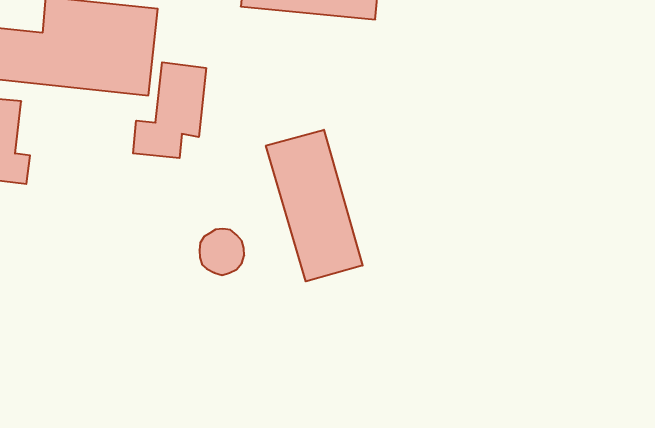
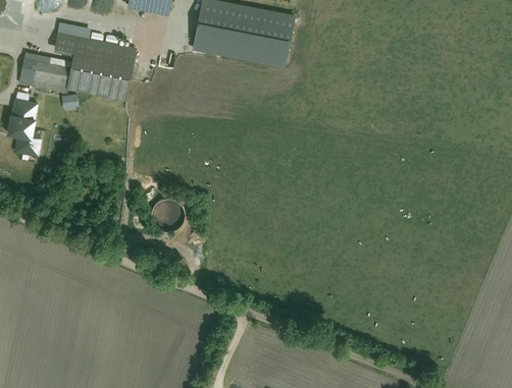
building: [133,62,206,158] -> none
building: [266,130,363,281] -> none

